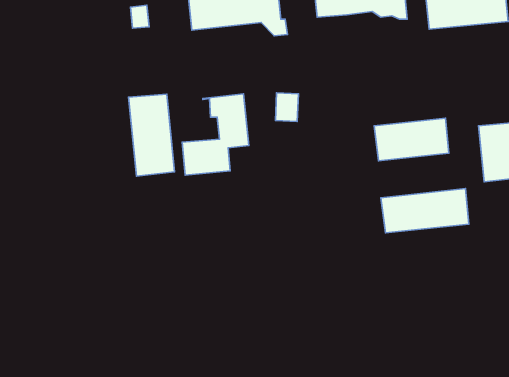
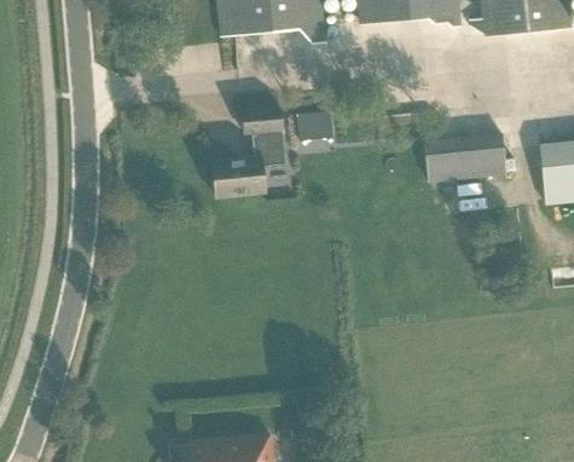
building: [129,94,174,176] -> none
building: [381,189,469,233] -> none

